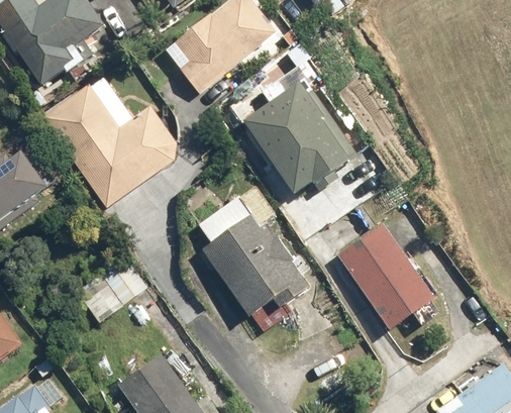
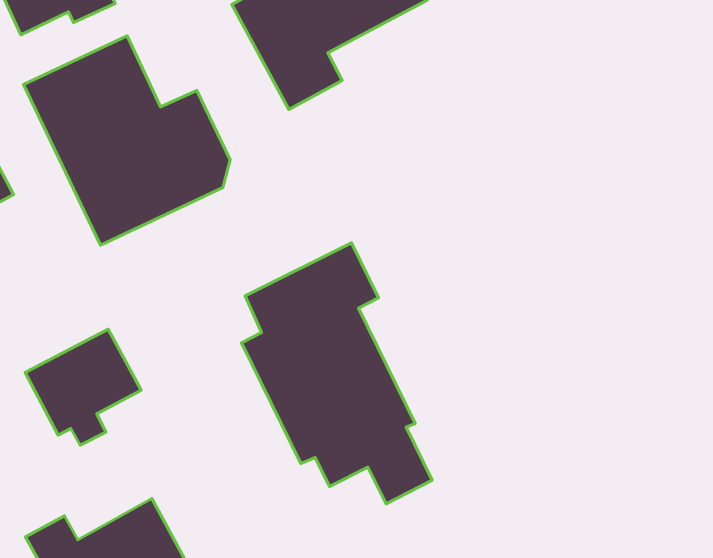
building: [241,40,357,192] -> none
building: [333,220,437,330] -> none

